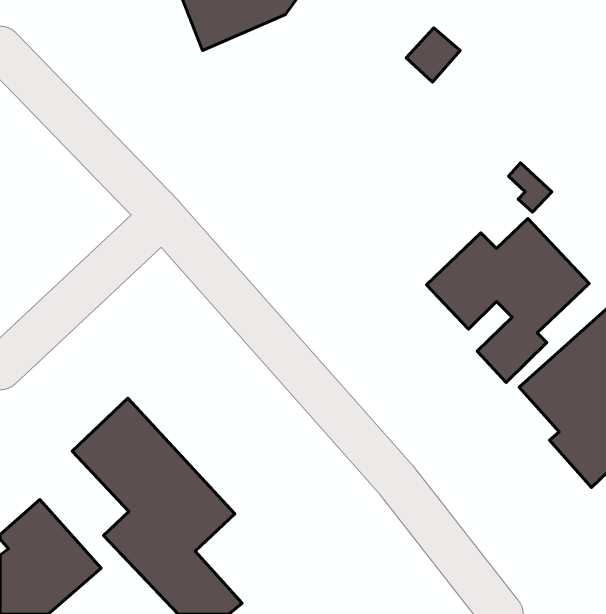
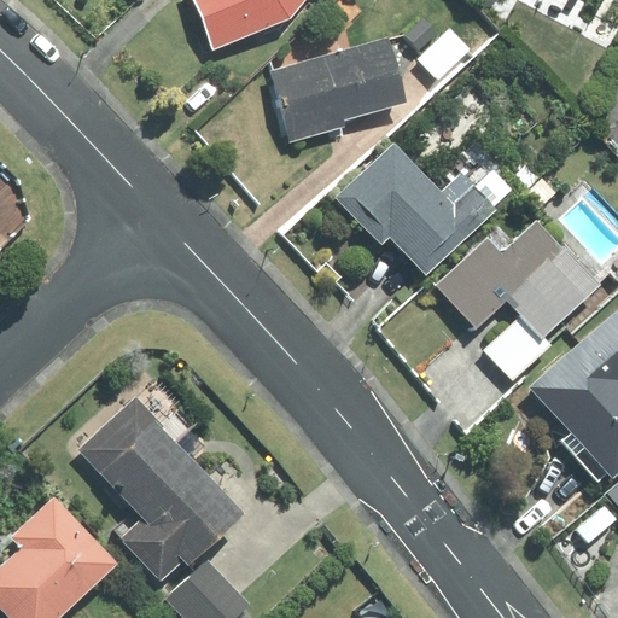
building: none -> [272,39,406,144]
building: none -> [337,142,497,278]

